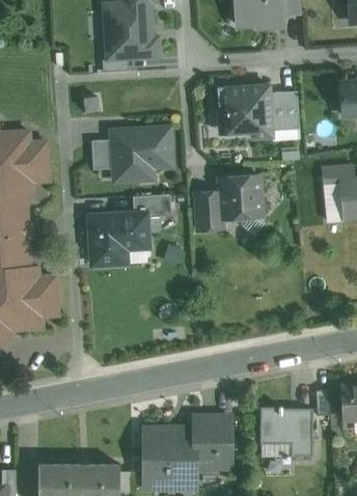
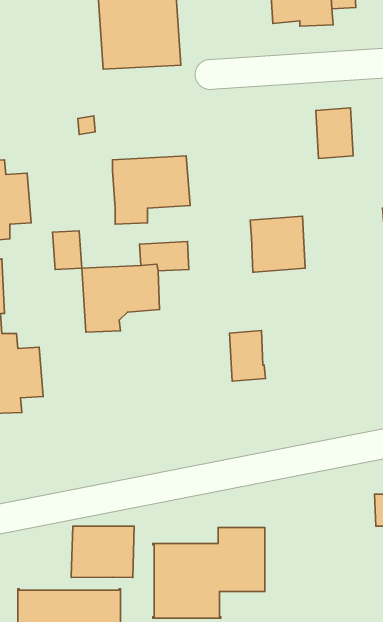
building: [217,84,272,137] -> none
building: [91,139,114,169] -> [53,231,82,270]
building: [195,191,223,230] -> [230,330,266,381]
building: [260,406,312,456] -> none
building: none -> [71,526,134,578]

